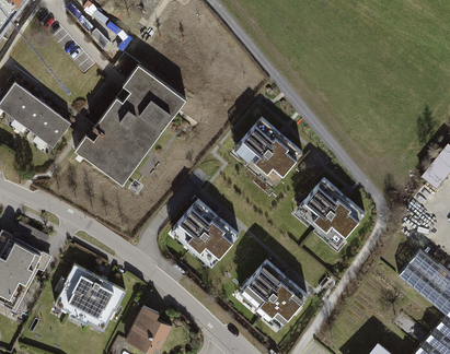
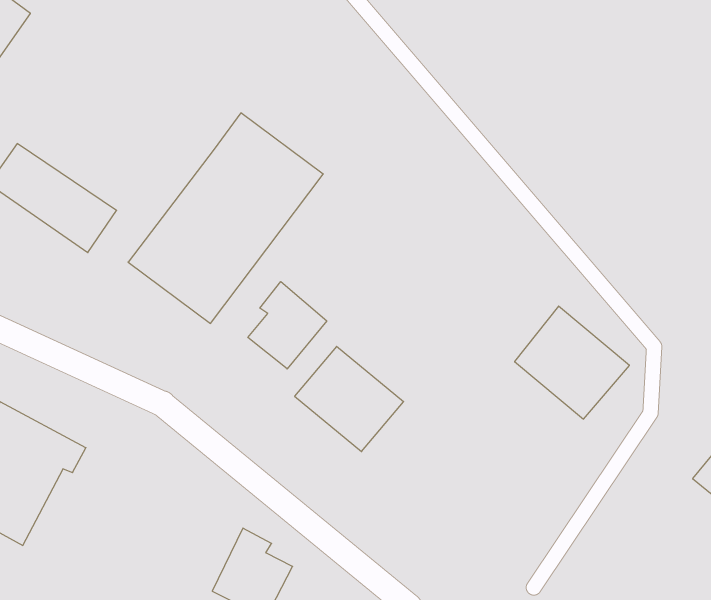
building: [240,114,304,177] -> none
building: none -> [248,282,327,369]
building: [241,259,303,321] -> none
building: [54,263,124,328] -> none

